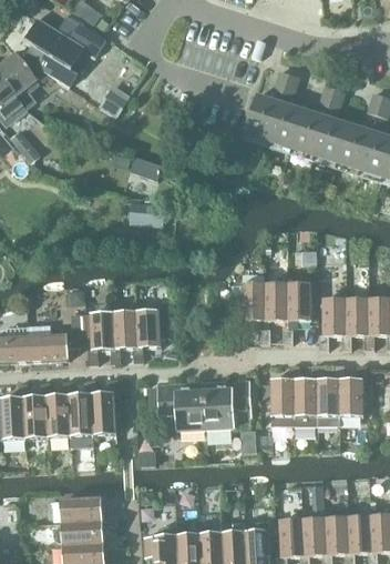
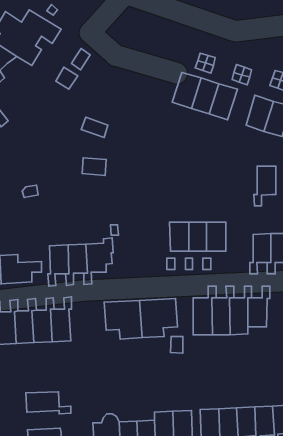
building: [315,117,349,162] -> none
building: [319,300,347,350] -> [254,166,276,206]
building: [54,522,119,550] -> none

